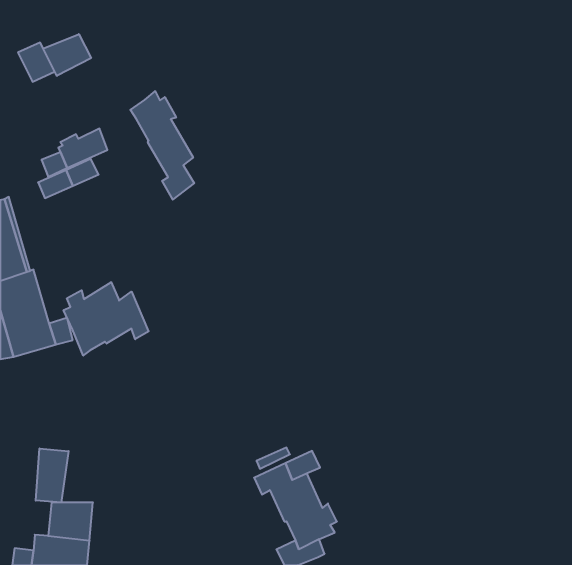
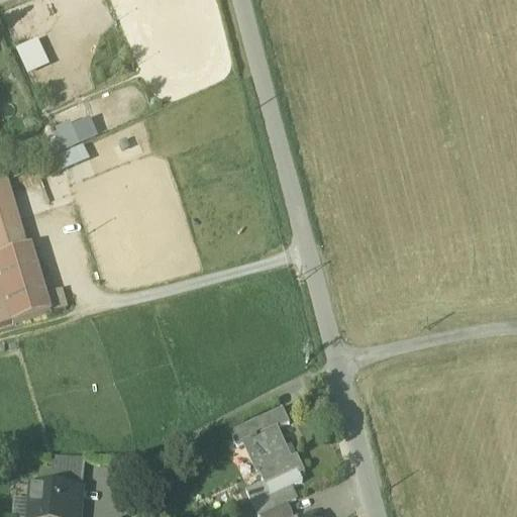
building: [43,34,91,76] -> none
building: [130,91,194,200] -> none
building: [64,282,149,356] -> none
building: [36,448,69,502] -> none

